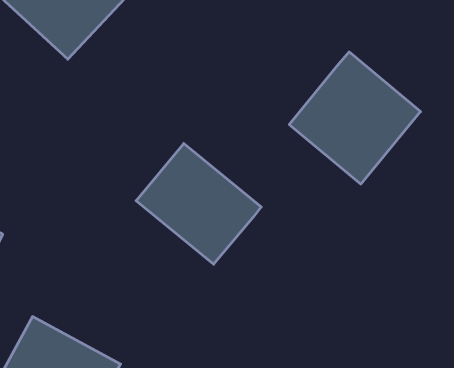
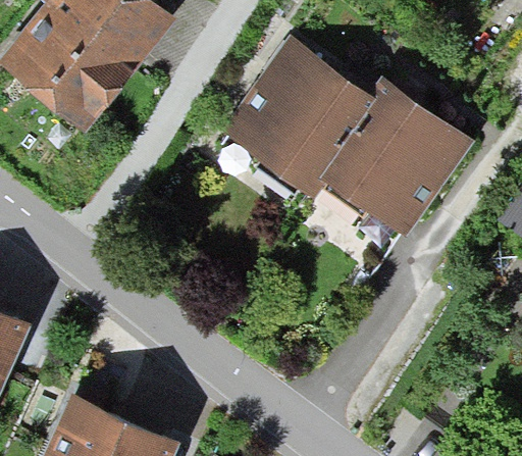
building: none -> [225,48,368,194]
building: [136,143,261,264] -> none

